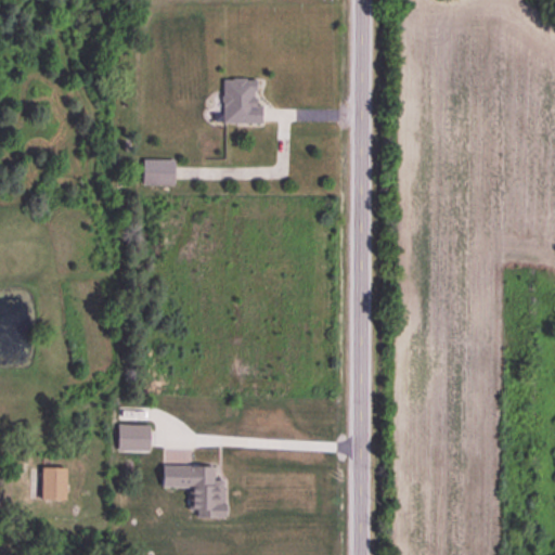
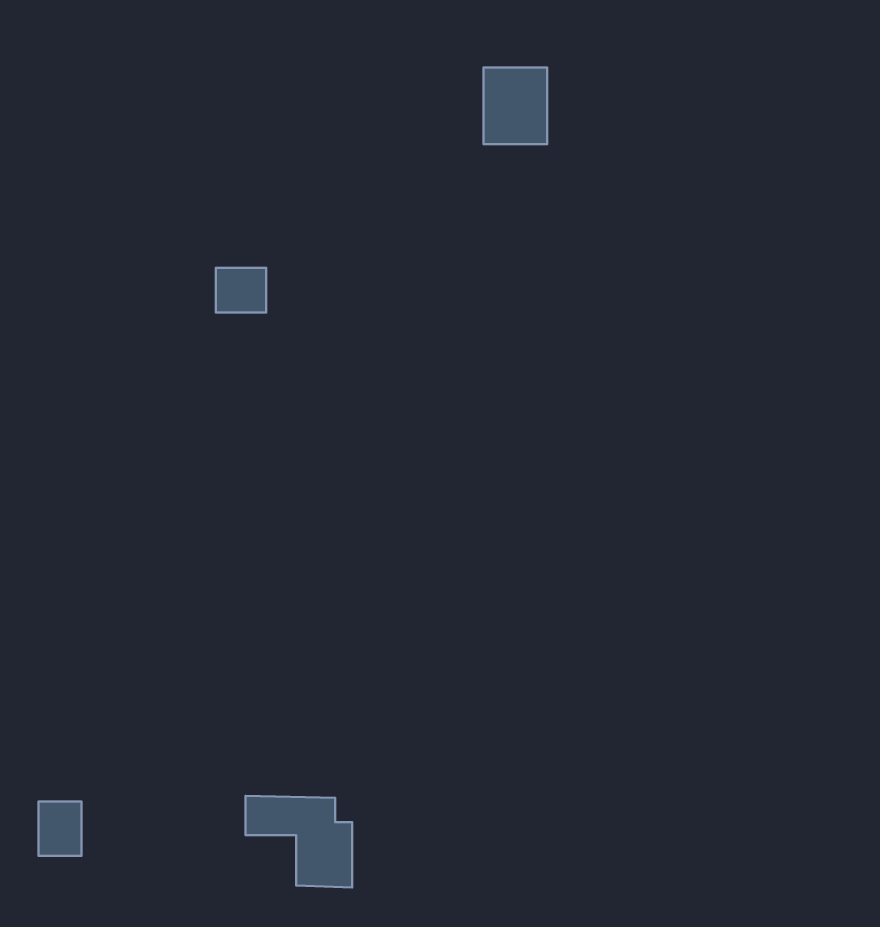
building: [224,79,261,124] -> [484,68,547,144]
building: [119,425,151,451] -> none

